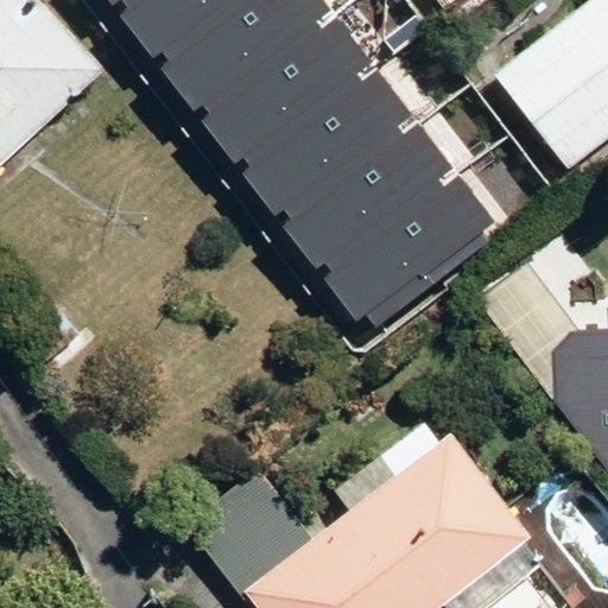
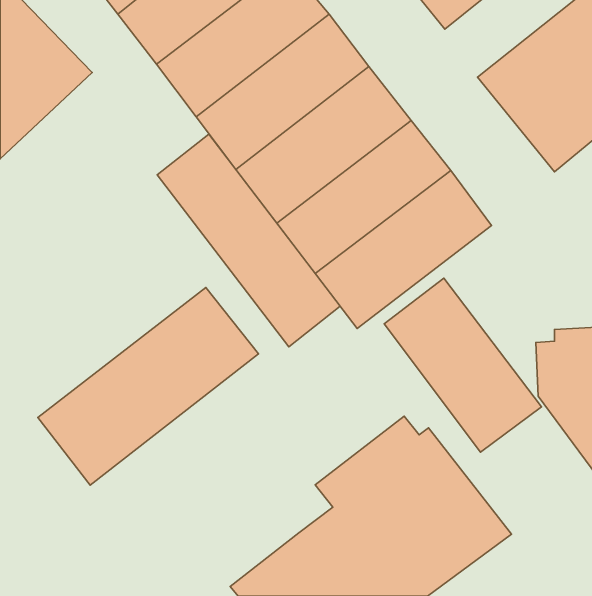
building: none -> [157,134,340,347]
building: none -> [384,278,541,452]
building: none -> [38,287,258,485]
building: [184,471,309,596] -> none

